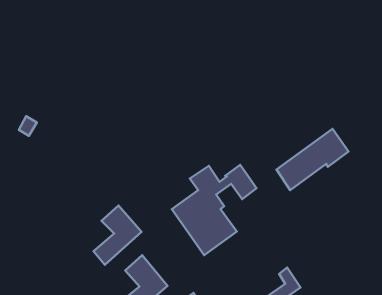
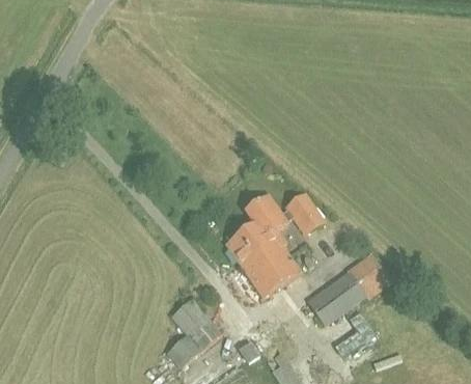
building: [277,129,349,190] -> [307,254,390,325]
building: [94,205,142,265] -> none

